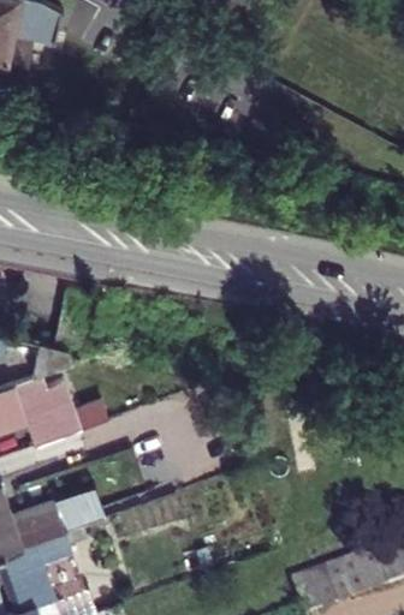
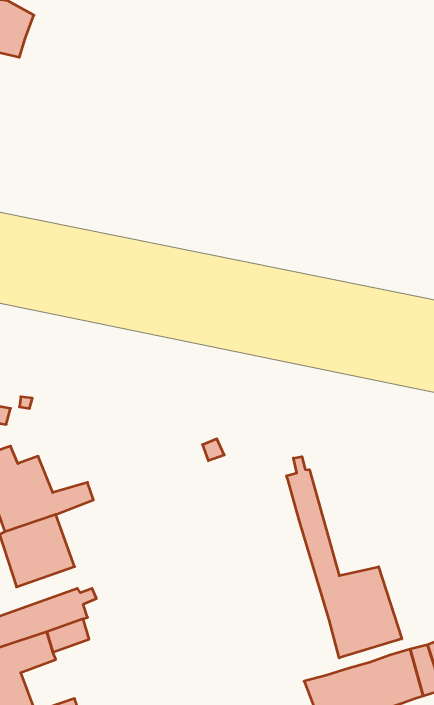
building: none -> [287,457,402,658]

